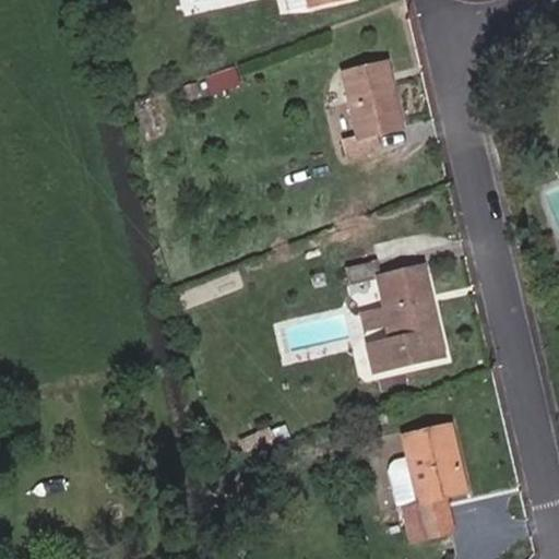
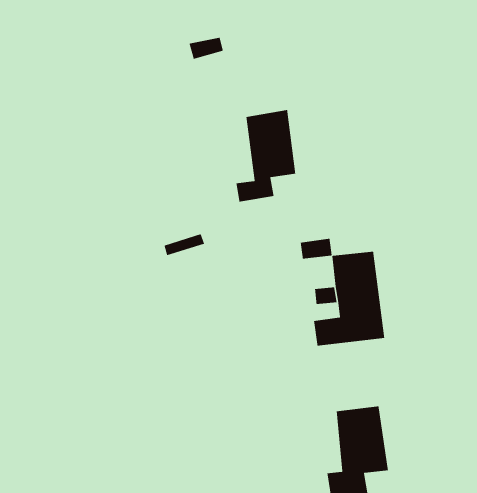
building: [345,60,406,160] -> [235,109,296,203]

